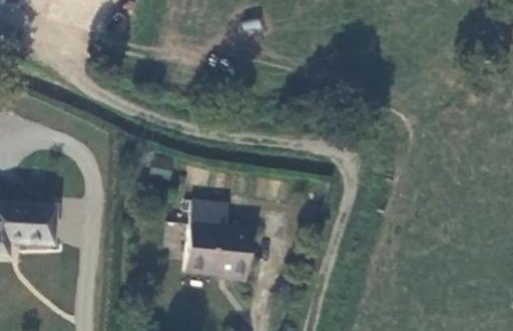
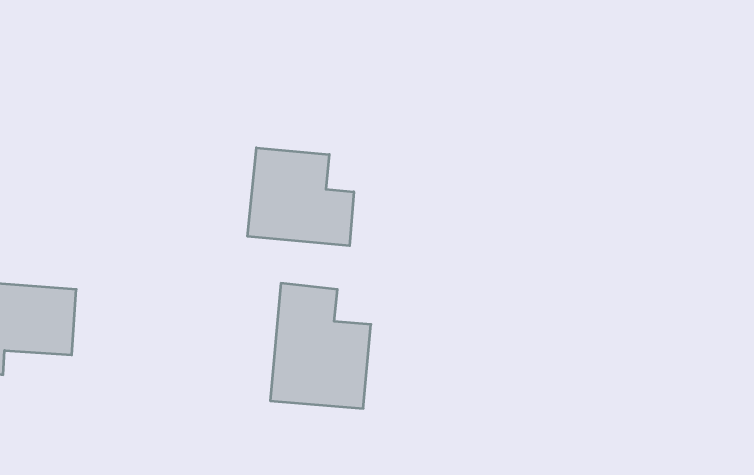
building: none -> [248,148,354,246]

